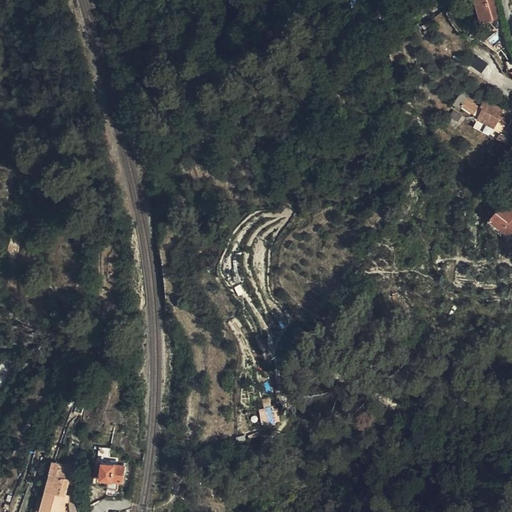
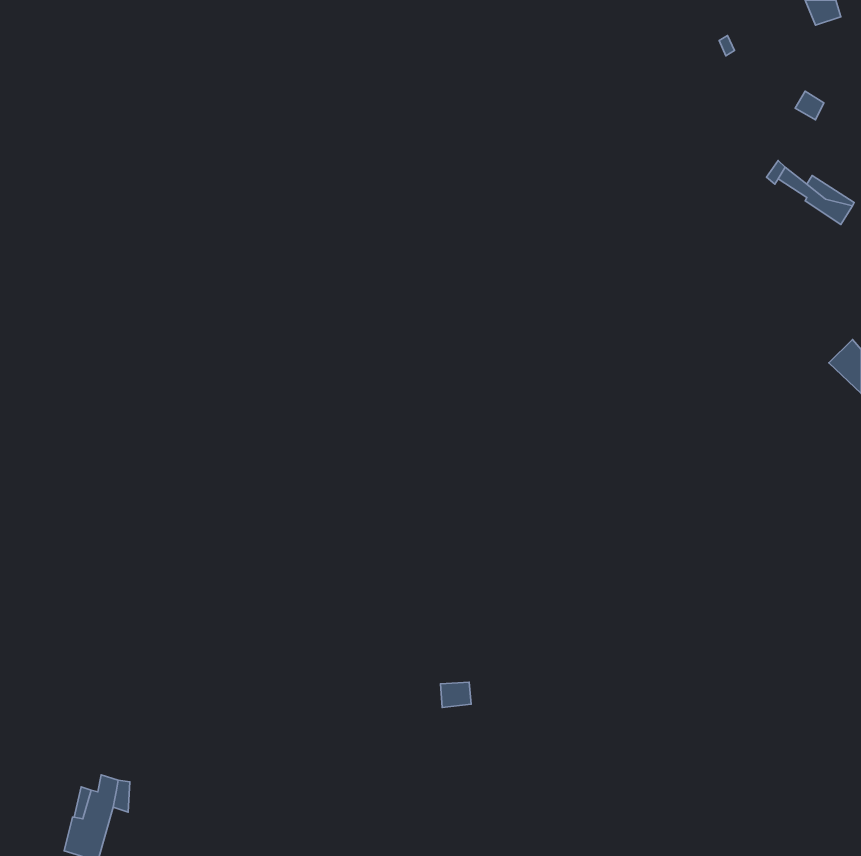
building: [95,458,125,485] -> none

